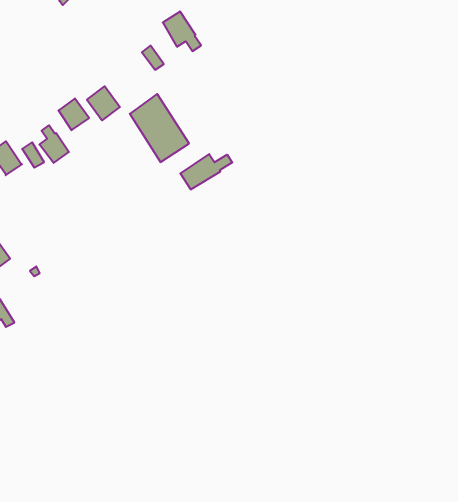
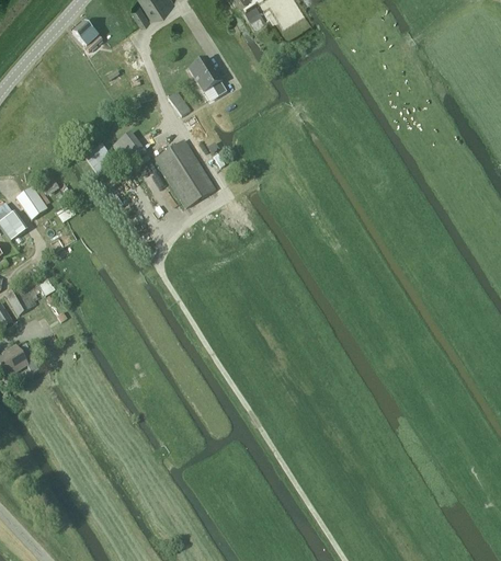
building: [39,125,69,163] -> none
building: [180,154,232,190] -> none

